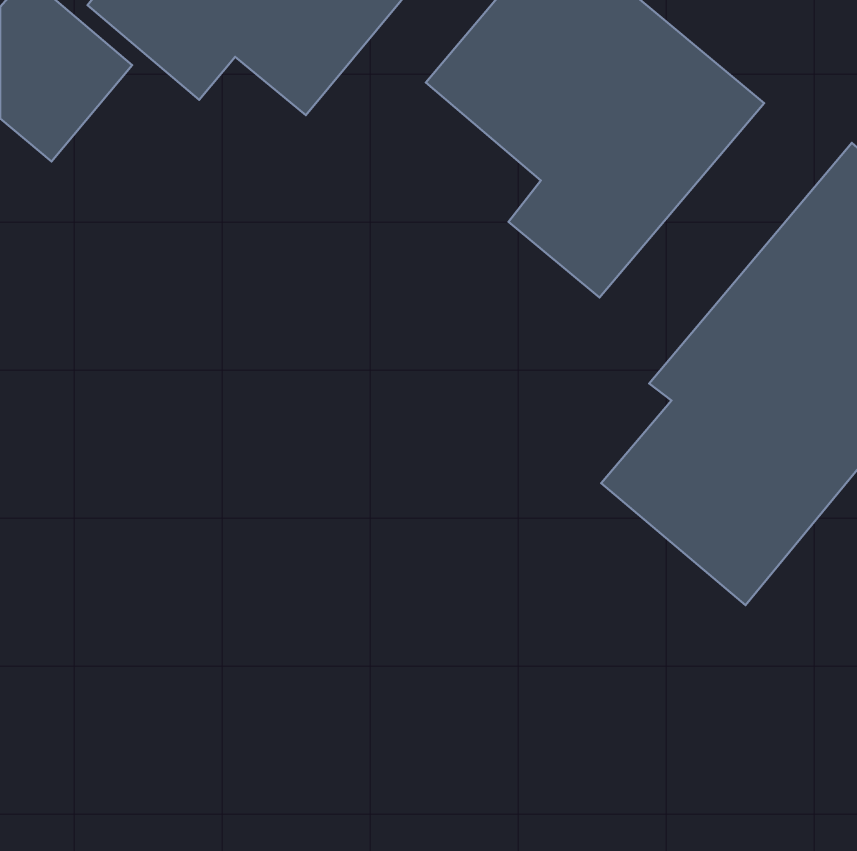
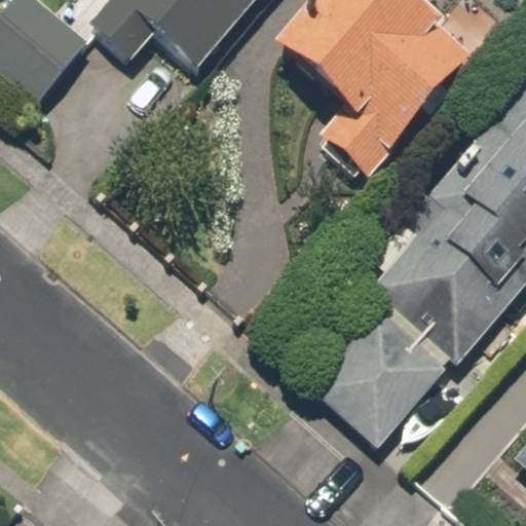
building: none -> [311,309,446,444]

